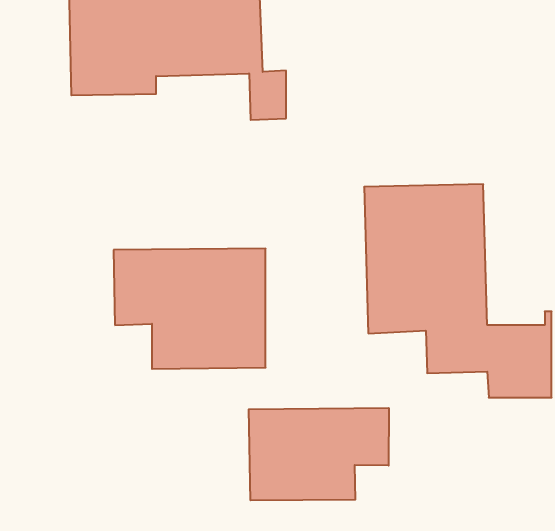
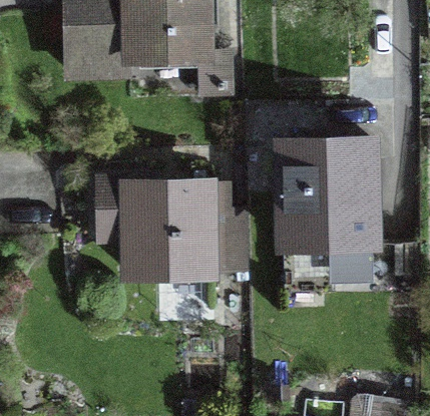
building: [249,408,389,500] -> none

